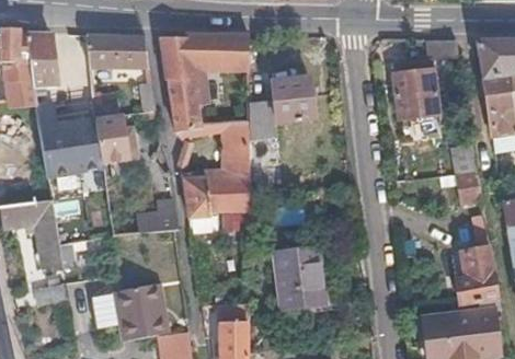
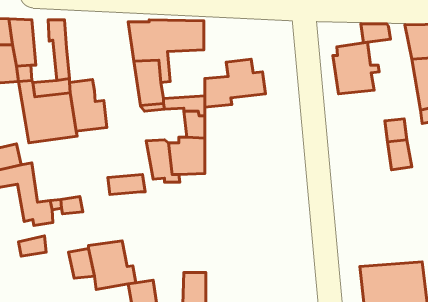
building: [88,32,151,66] -> none
building: [270,238,322,299] -> none
building: [457,248,496,303] -> none

